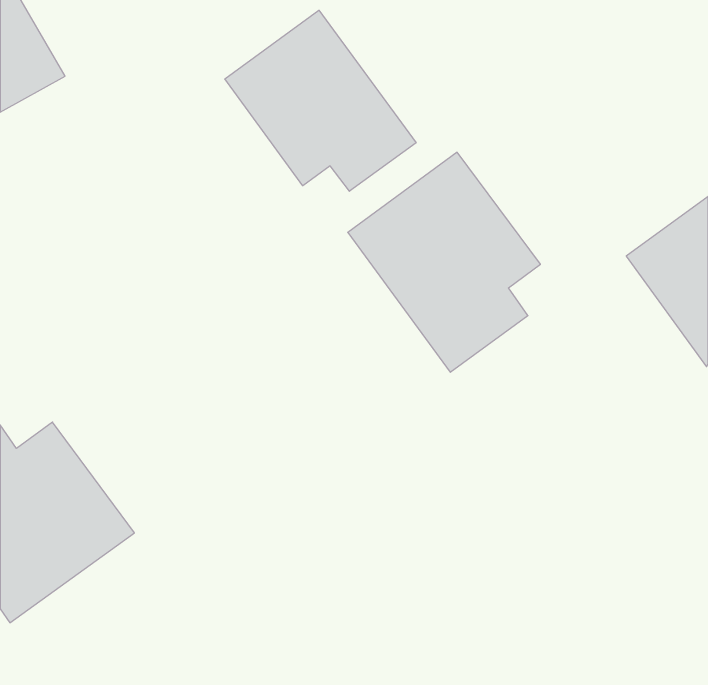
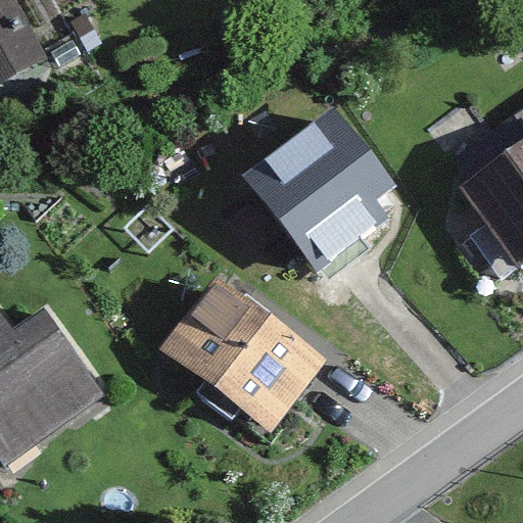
building: [225,10,416,191] -> none
building: none -> [160,285,322,435]

